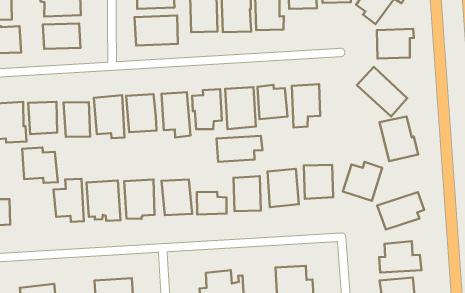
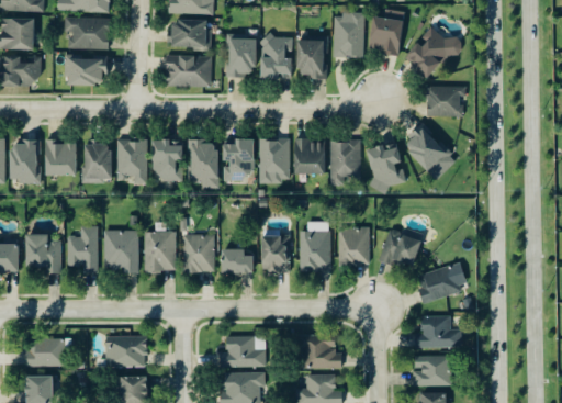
building: [380,116,418,161] -> [367,143,406,190]
building: [217,136,262,162] -> none
building: [22,147,58,183] -> [25,234,61,272]

